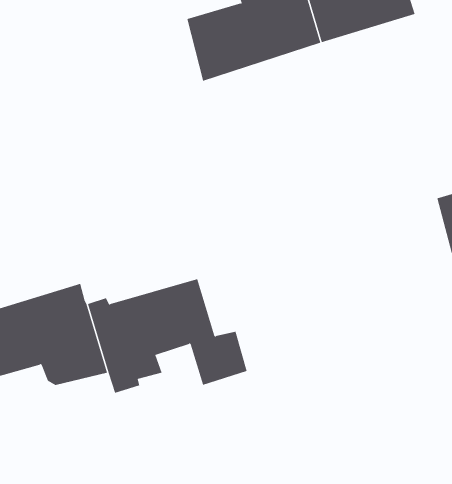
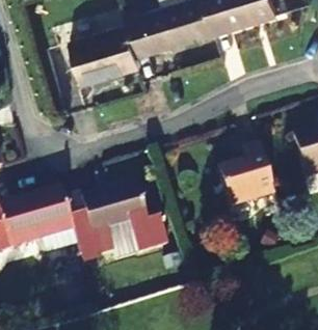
building: none -> [73,27,140,85]
building: none -> [216,144,272,207]

